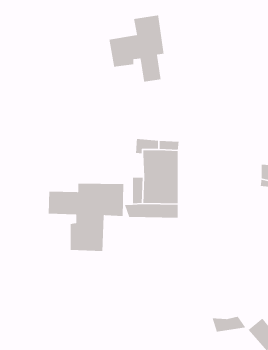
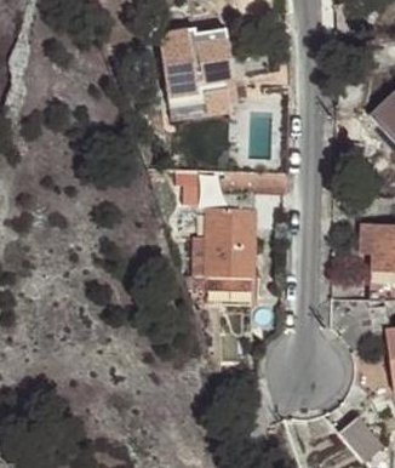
building: [48,183,124,252] -> none

